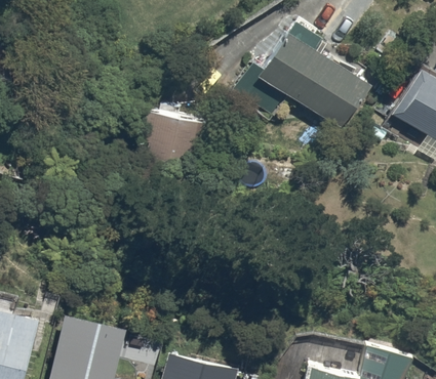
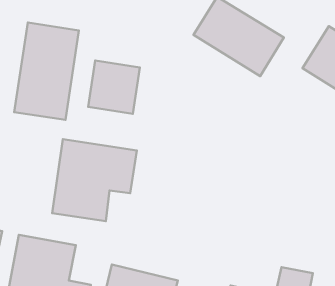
building: none -> [14,23,79,120]
building: none -> [52,139,137,221]

